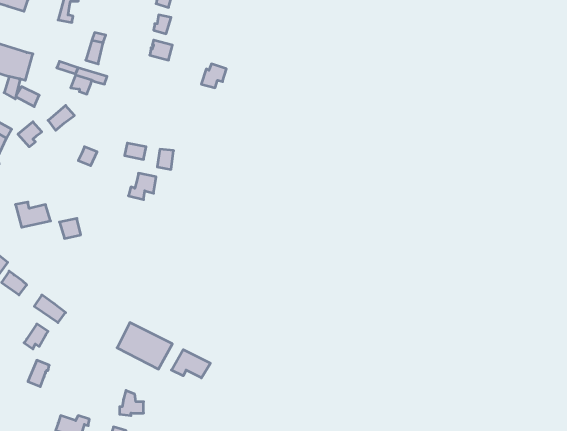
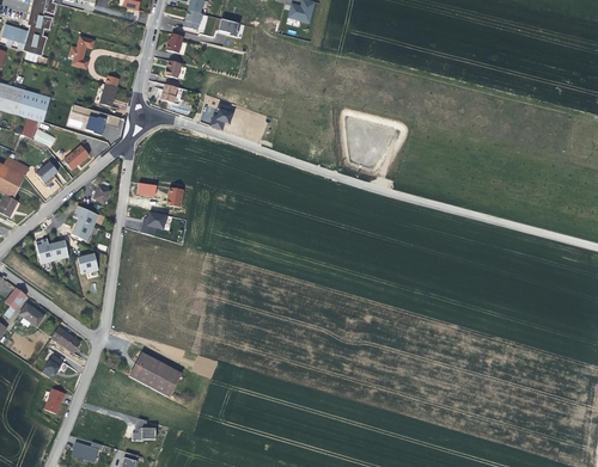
building: none -> [69,205,94,240]
building: [171,350,210,378] -> none

